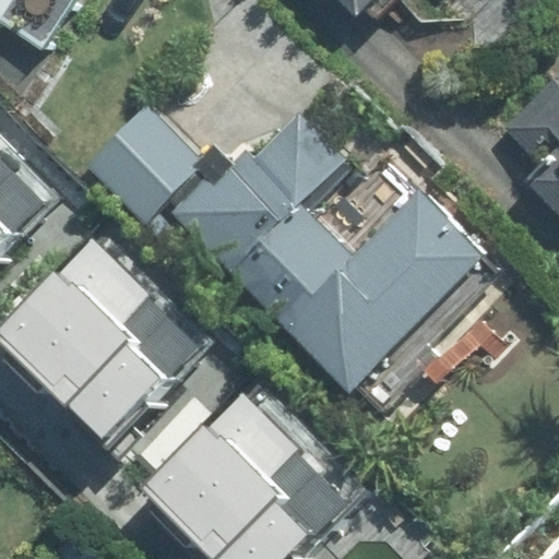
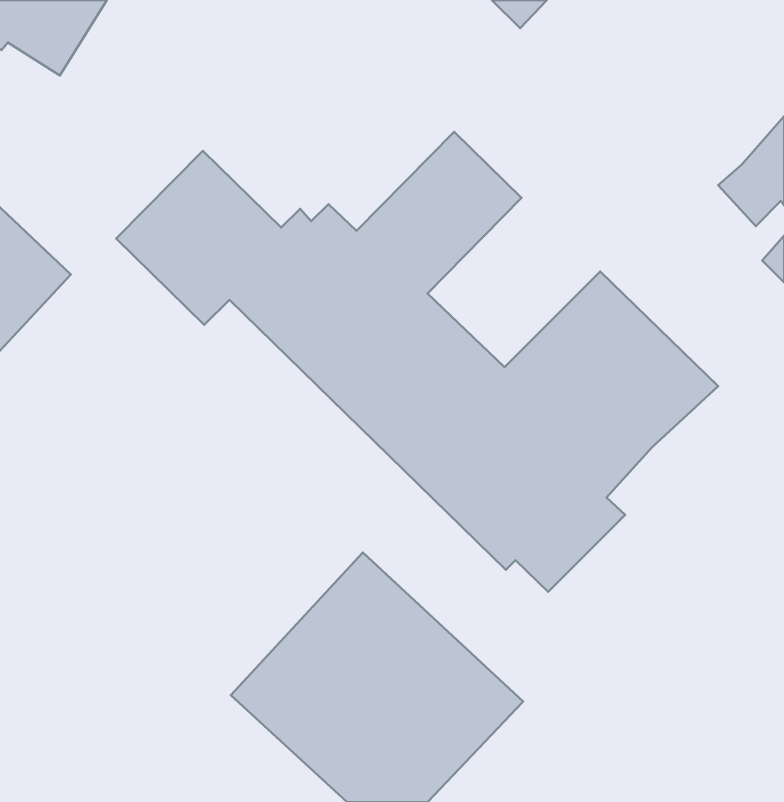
building: [8,234,204,427] -> none

